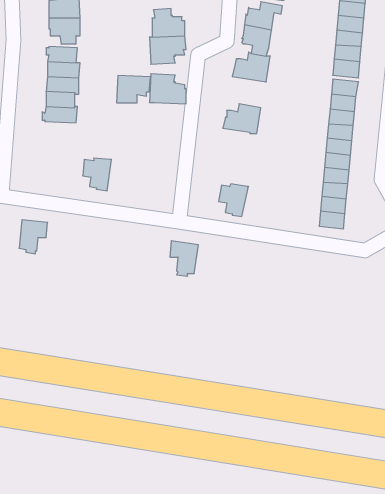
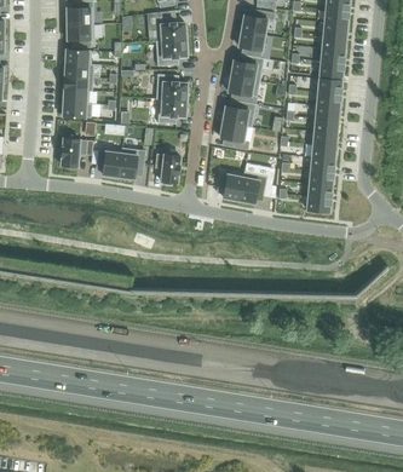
building: [117,76,151,103] -> [159,99,189,123]
building: none -> [229,76,260,104]
building: none -> [220,122,249,150]
building: none -> [119,148,145,179]
building: none -> [238,172,267,203]
building: [19,220,48,254] -> [62,139,87,169]
building: [170,241,198,276] -> [156,154,182,185]

